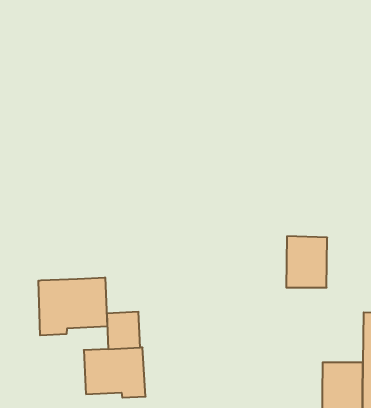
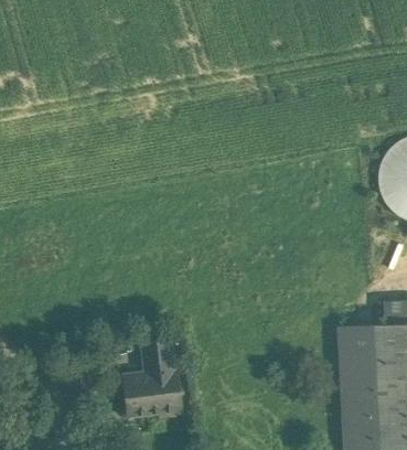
building: [286,236,327,288] -> [338,325,376,373]
building: [38,277,107,335] -> none

